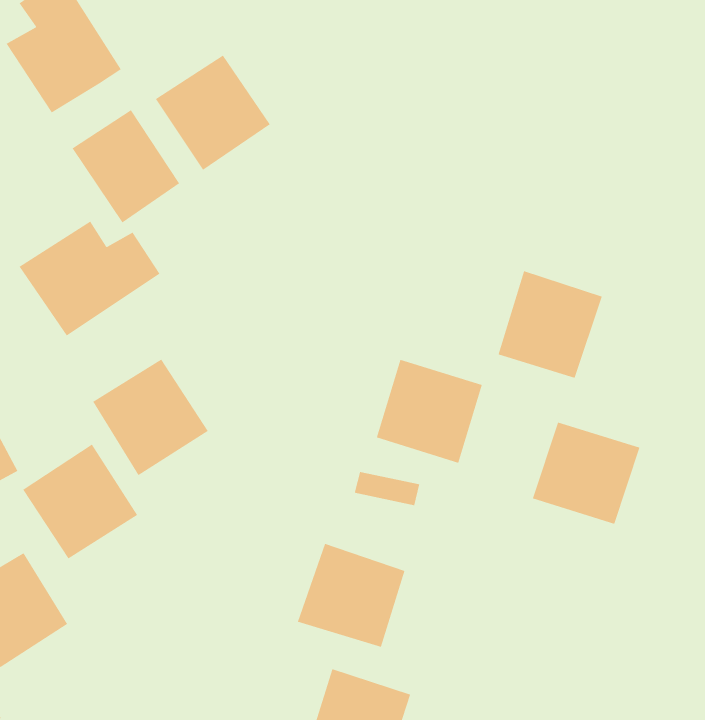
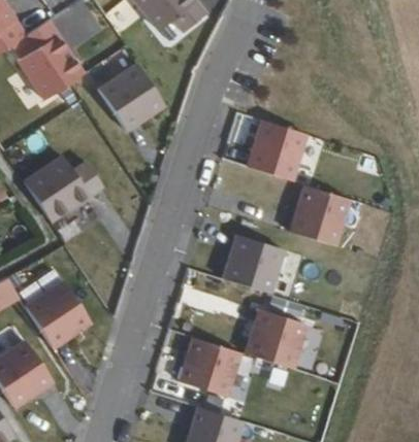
building: [71,109,180,224] -> none
building: none -> [248,118,307,179]
building: [92,359,209,476] -> none
building: [532,422,640,525] -> [246,310,307,368]

